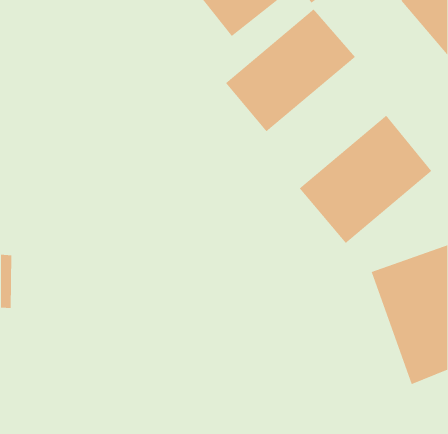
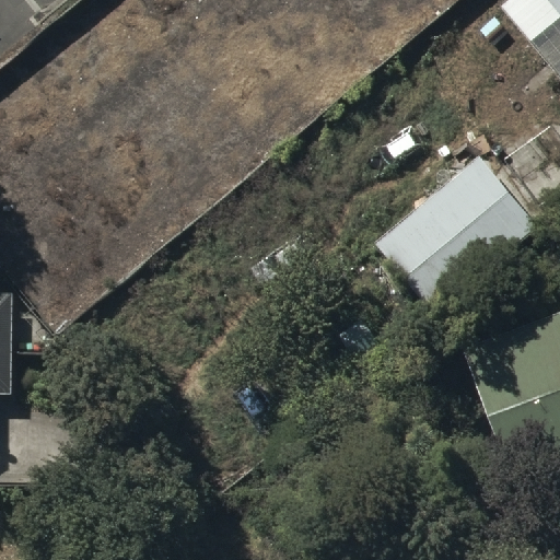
building: [225,9,356,132] -> none

